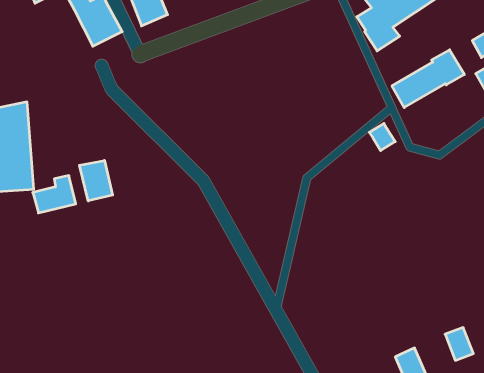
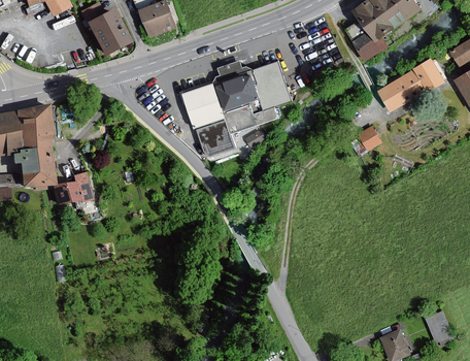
building: none -> [183,61,290,155]
building: [79,160,113,201] -> none

